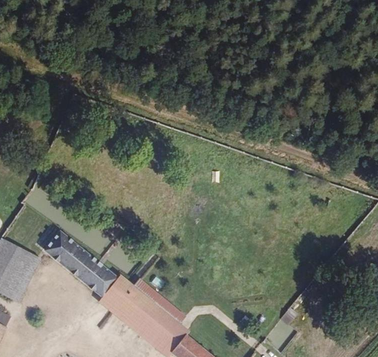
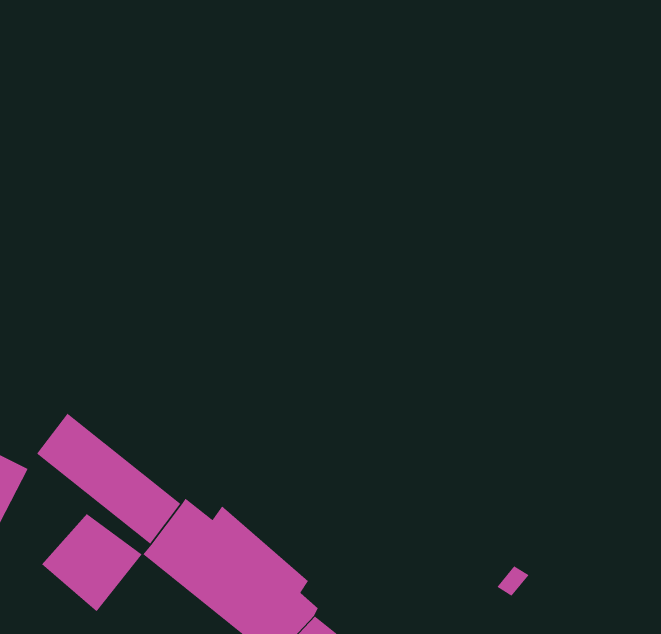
building: none -> [41,513,143,612]

